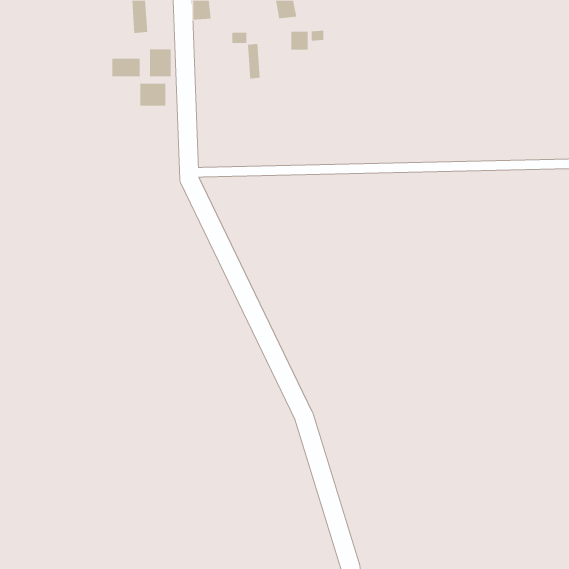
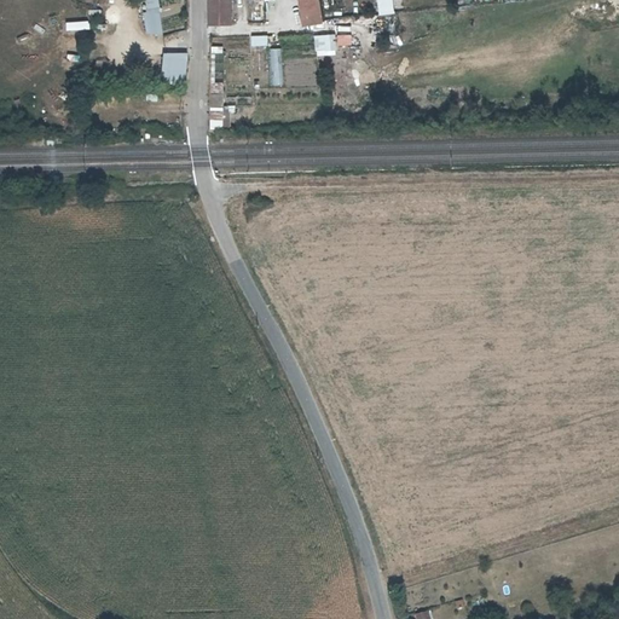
building: [112,58,140,77] -> none
building: [140,83,166,107] -> none

